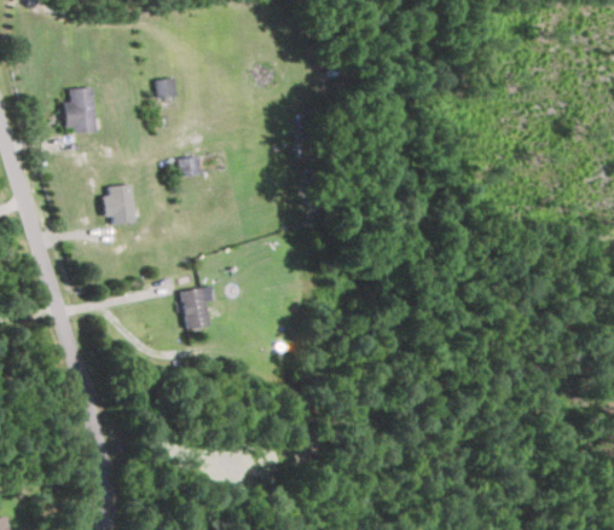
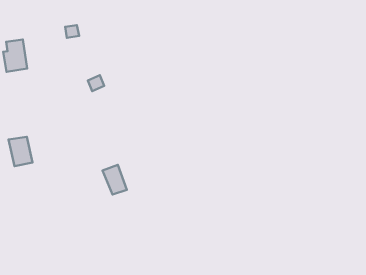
building: [106,185,135,224] -> [9,137,33,166]

